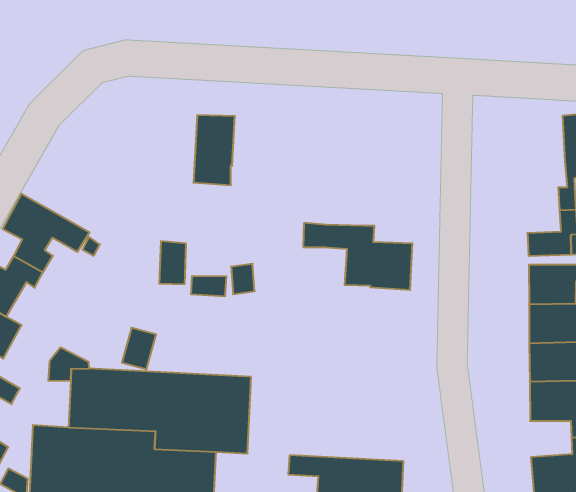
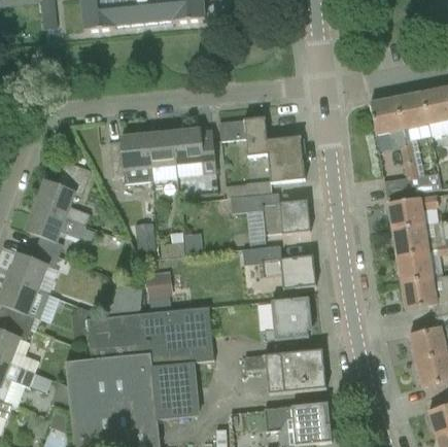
building: none -> [109,134,151,183]
building: none -> [219,117,305,196]
building: none -> [370,98,407,149]
building: none -> [173,129,216,176]
building: none -> [35,162,91,225]
building: none -> [242,245,316,288]
building: none -> [145,272,173,309]
building: none -> [265,297,311,341]

